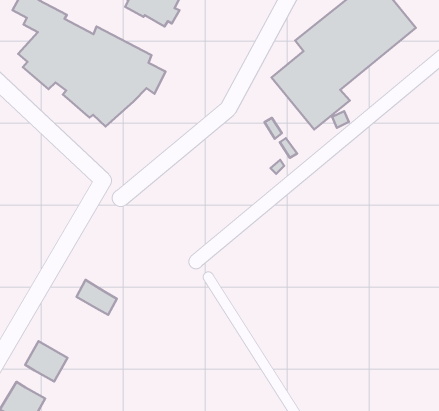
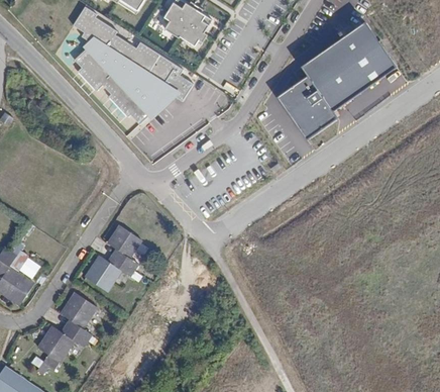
building: none -> [108,223,142,257]
building: none -> [85,255,122,291]
building: none -> [61,316,93,346]

